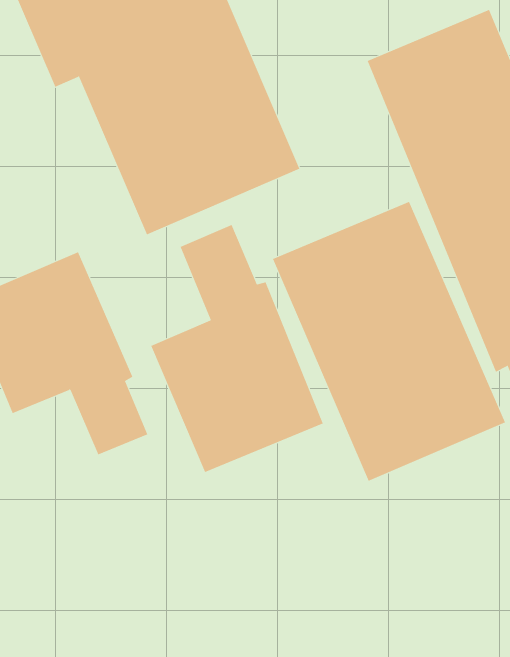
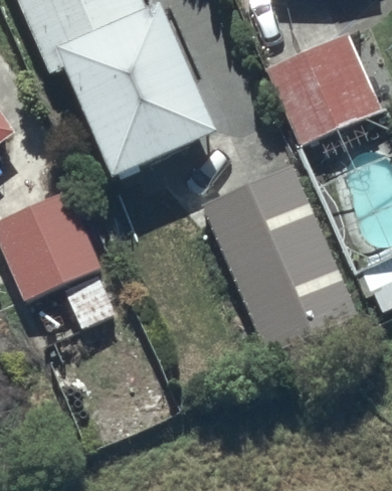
building: [151,224,324,473] -> none

